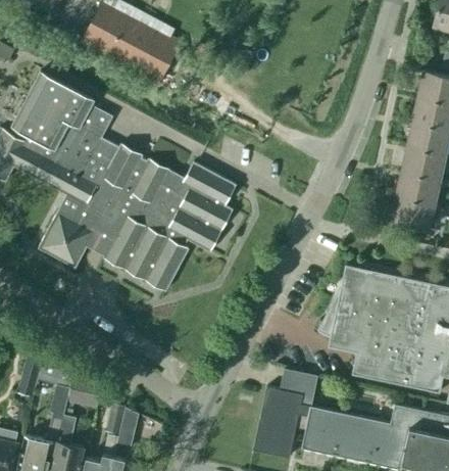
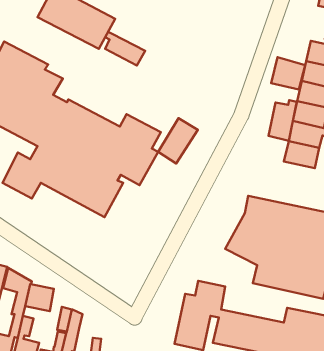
building: none -> [105,32,145,66]
building: none -> [271,57,305,90]
building: none -> [268,100,297,141]
building: none -> [158,118,198,164]

